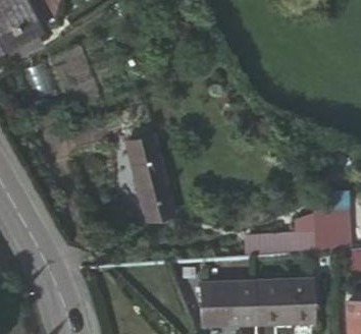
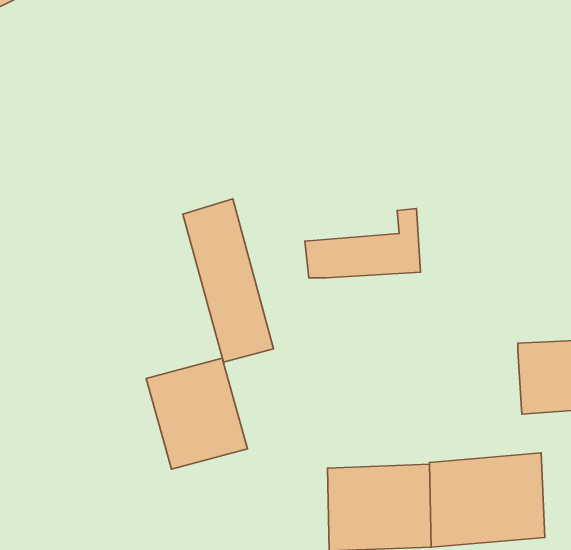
building: [246,221,307,258] -> [305,209,420,278]
building: none -> [146,358,248,469]

